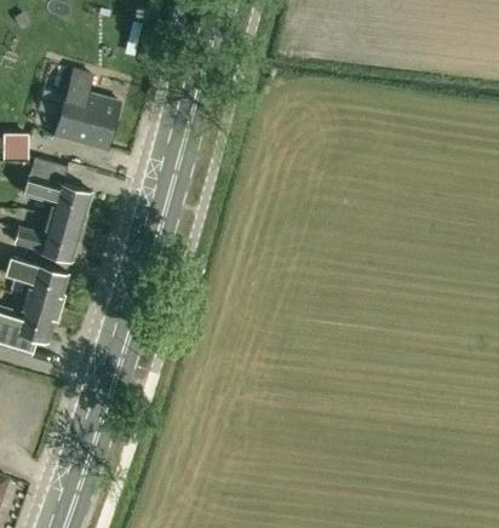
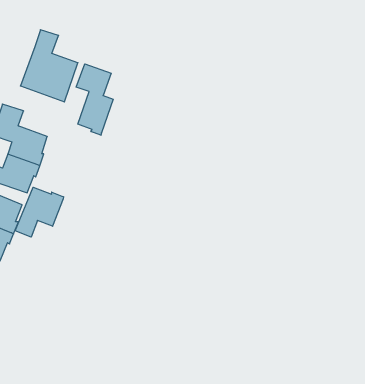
building: none -> [76,64,113,135]
building: none -> [15,187,64,237]

